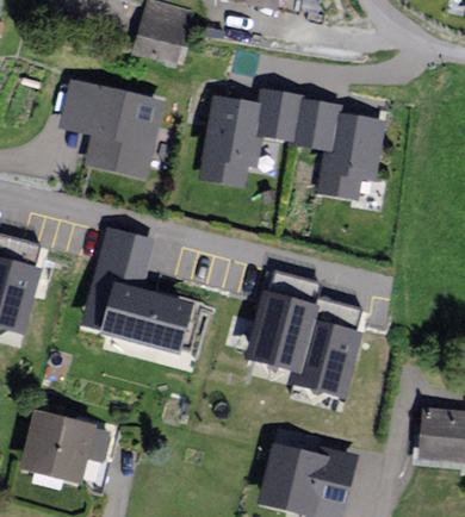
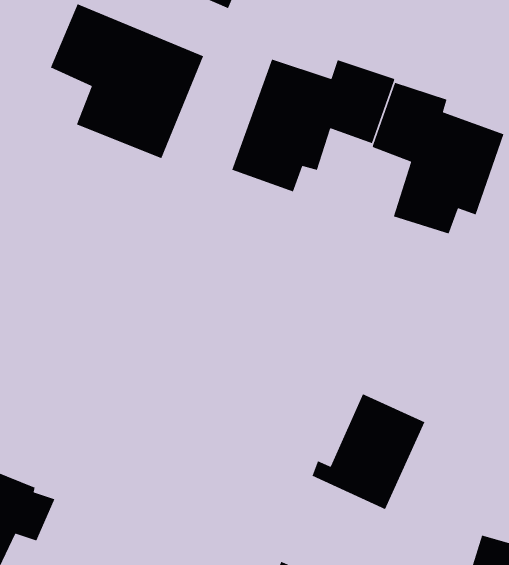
building: [79,223,196,354] -> none
building: [246,288,321,374] -> none

